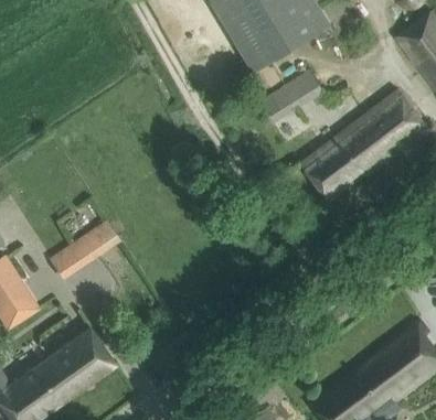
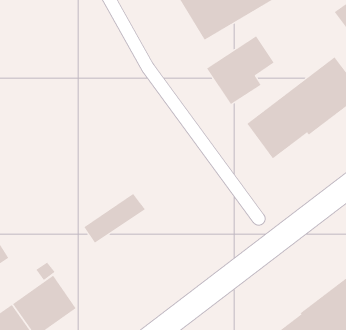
building: [51,222,119,277] -> [83,193,146,243]

